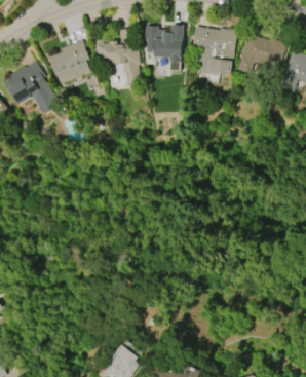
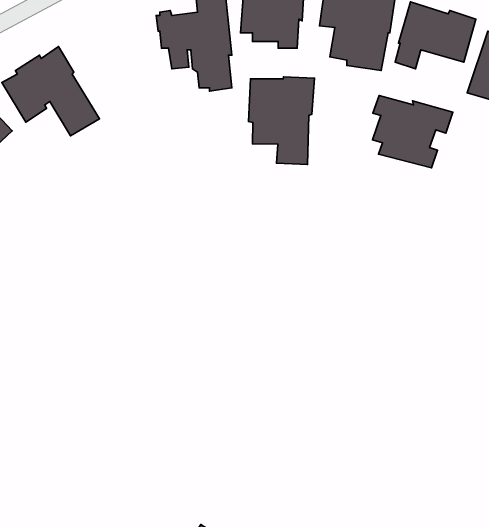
building: [48,40,89,84] -> none
building: none -> [248,77,314,165]
building: none -> [372,95,453,168]

